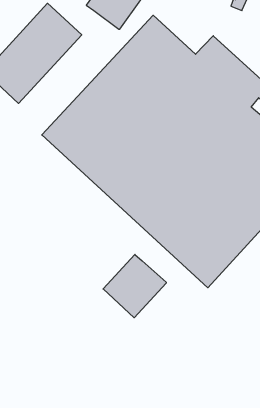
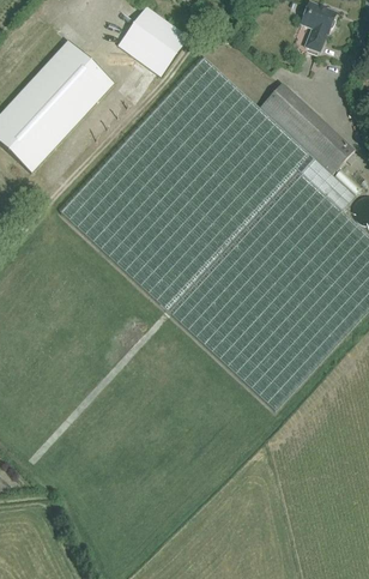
building: [103,254,166,318] -> none

